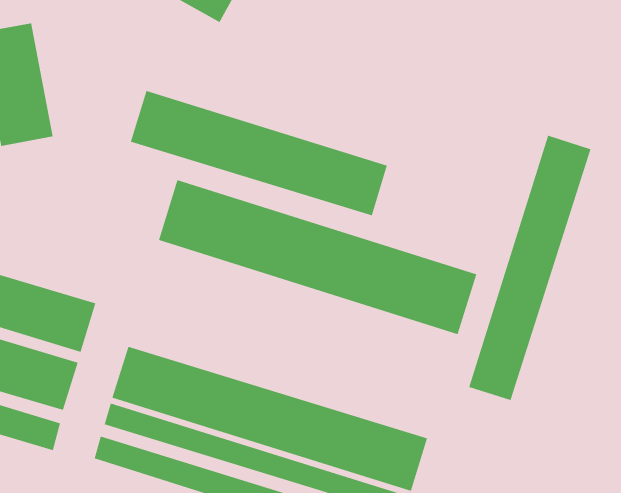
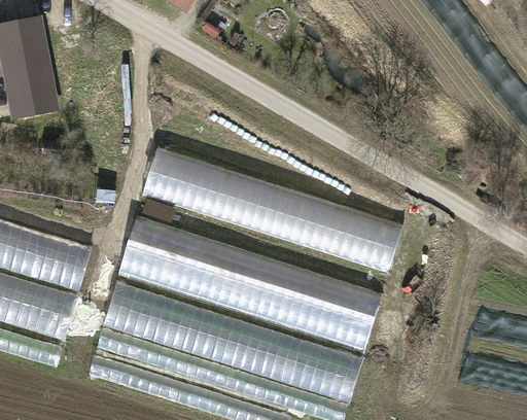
building: [130,90,387,216] -> none
building: [468,135,591,401] -> none
building: none -> [117,217,382,351]

